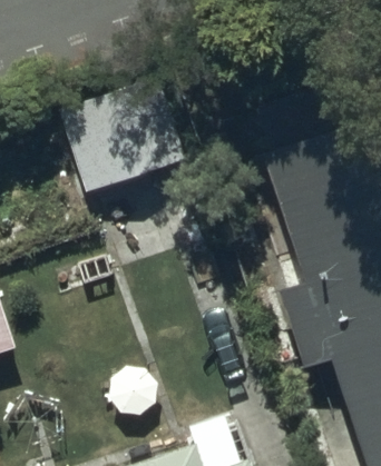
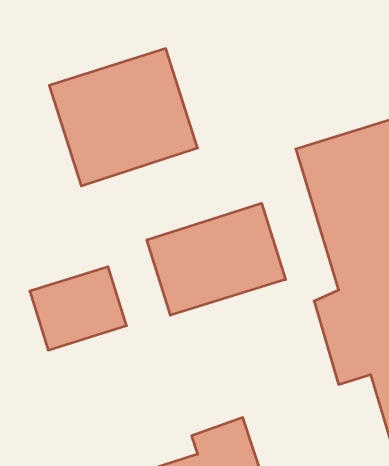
building: none -> [147,203,286,315]

